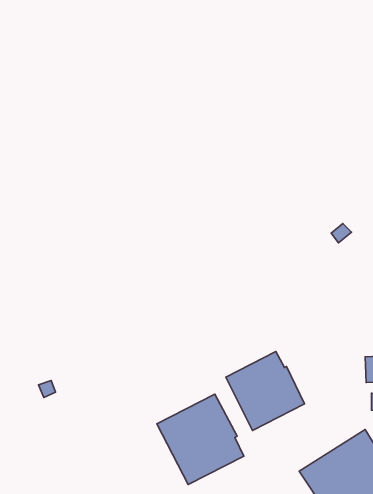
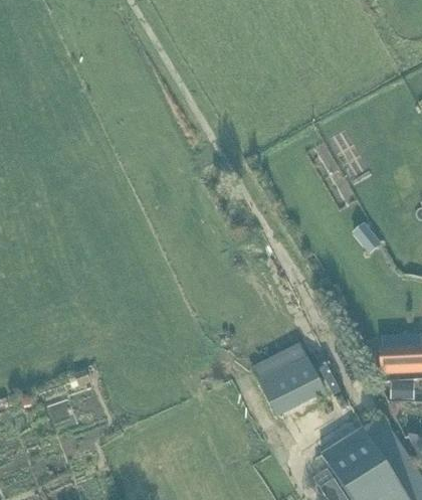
building: [157,394,244,484] -> none

